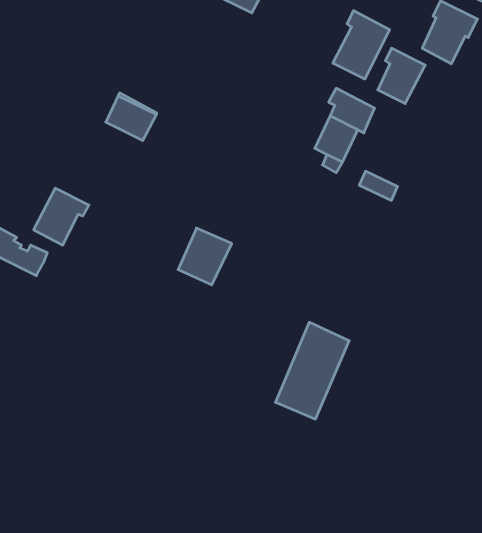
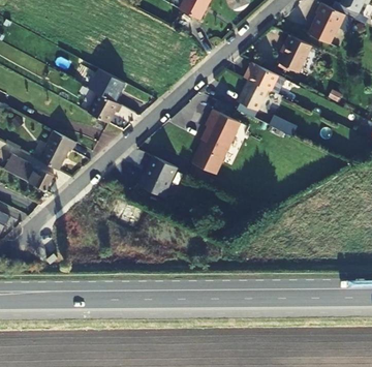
building: [333,11,390,79] -> none
building: none -> [90,91,124,121]
building: [275,322,349,419] -> [190,109,240,174]

